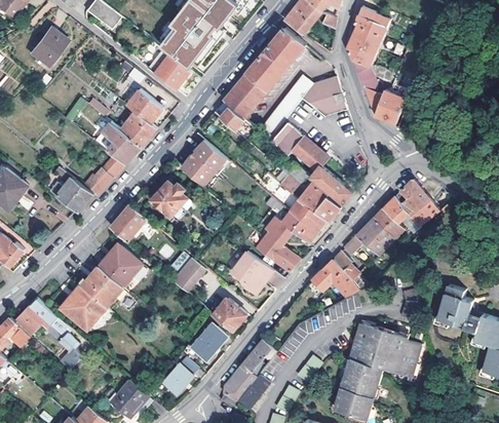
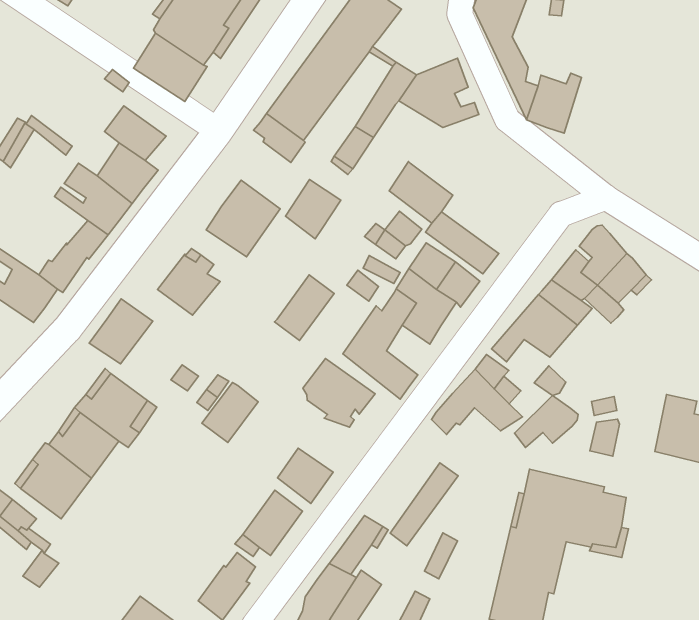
building: [271,121,304,156] -> [286,179,341,239]
building: none -> [275,275,334,341]
building: none -> [515,395,578,447]

